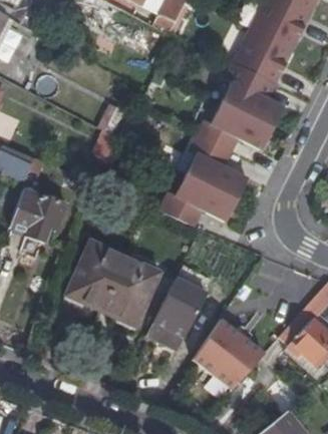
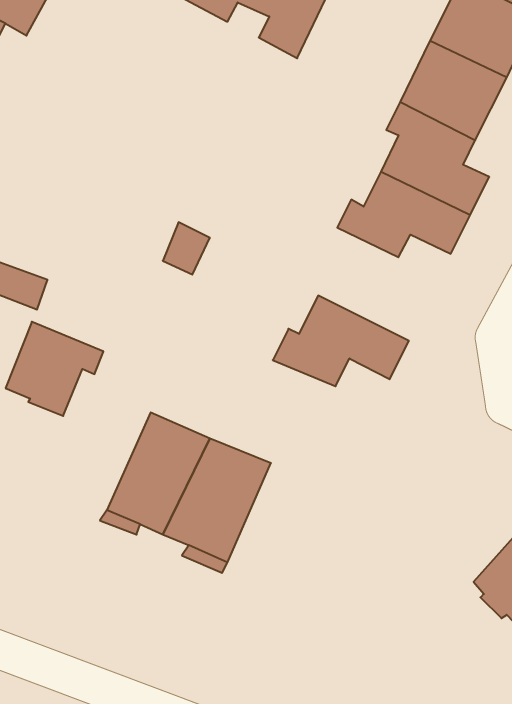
building: [189,133,251,198] -> none
building: [148,278,208,348] -> none
building: [188,314,259,387] -> none

